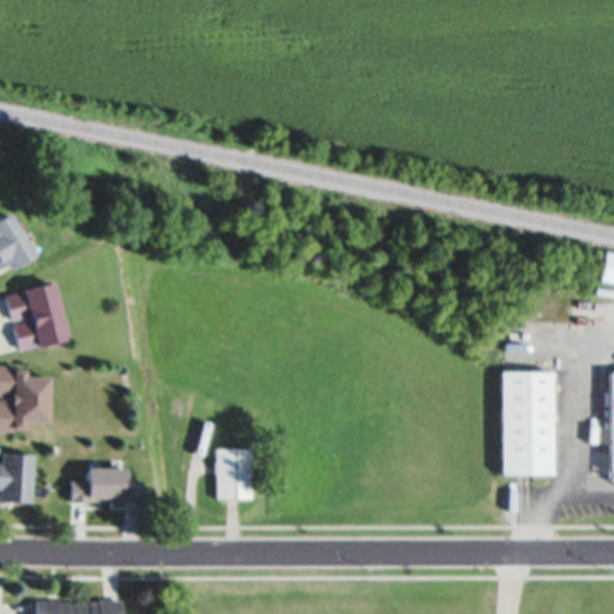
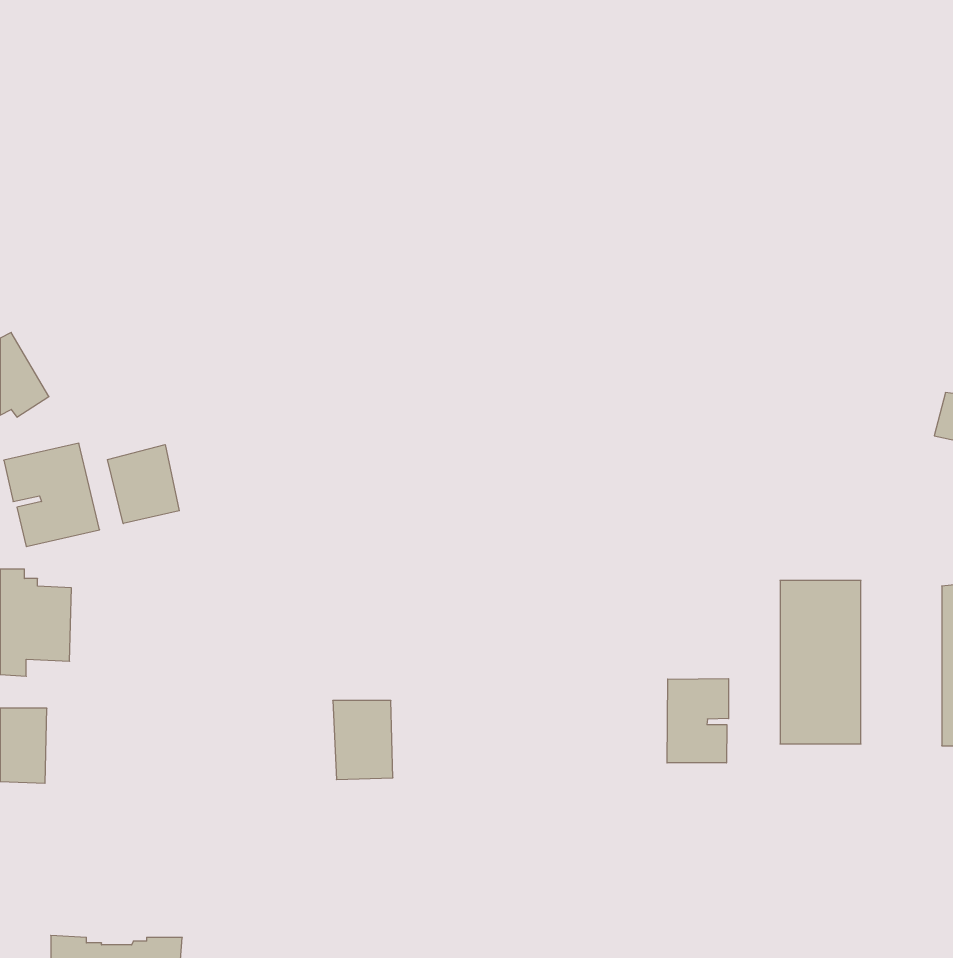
building: none -> [108,445,179,524]
building: none -> [667,679,729,763]
building: [73,466,144,502] -> none

